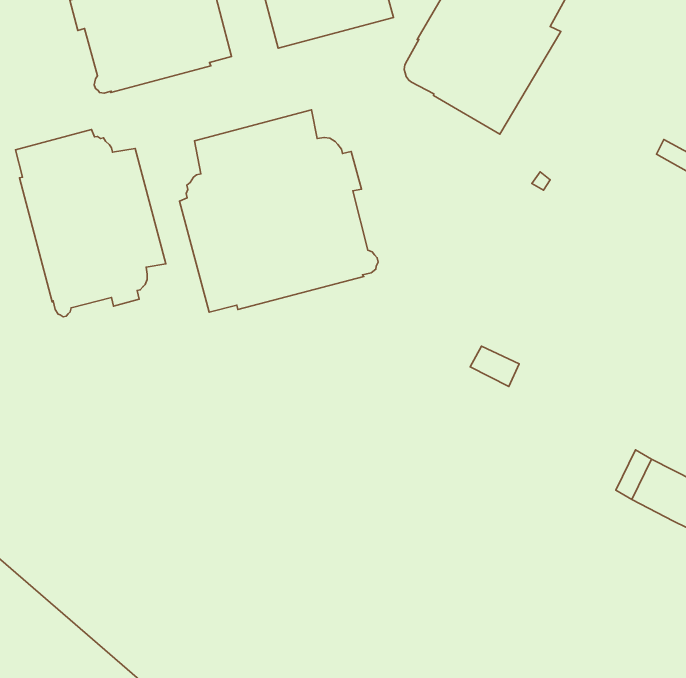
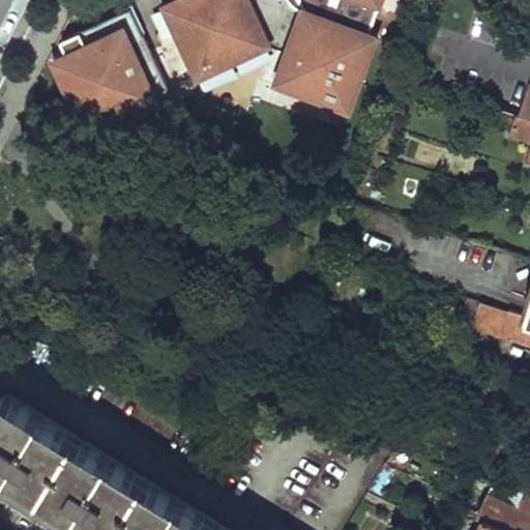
building: [180,110,378,312] -> none
building: [15,129,166,317] -> none

